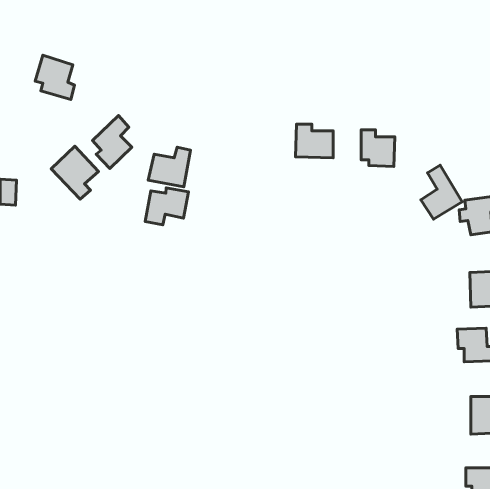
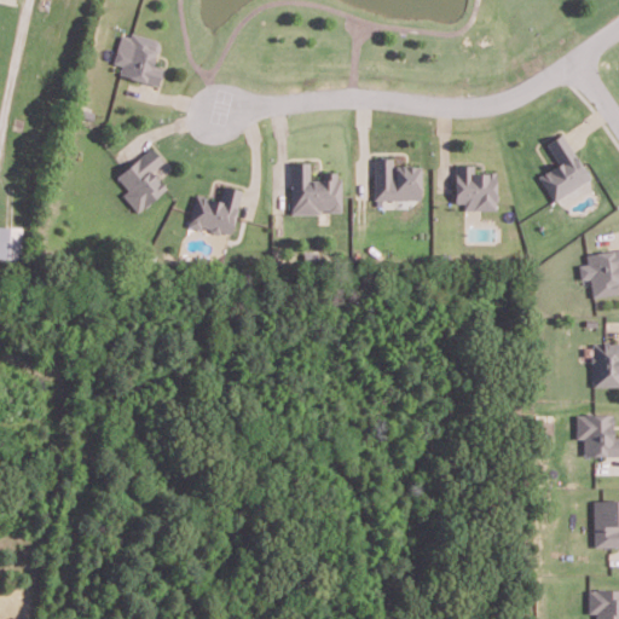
building: [35,55,75,100] -> [114,33,163,88]
building: none -> [291,164,342,215]
building: [51,146,98,199] -> none
building: [421,165,462,219] -> [539,135,591,203]
building: [145,188,189,225] -> none

